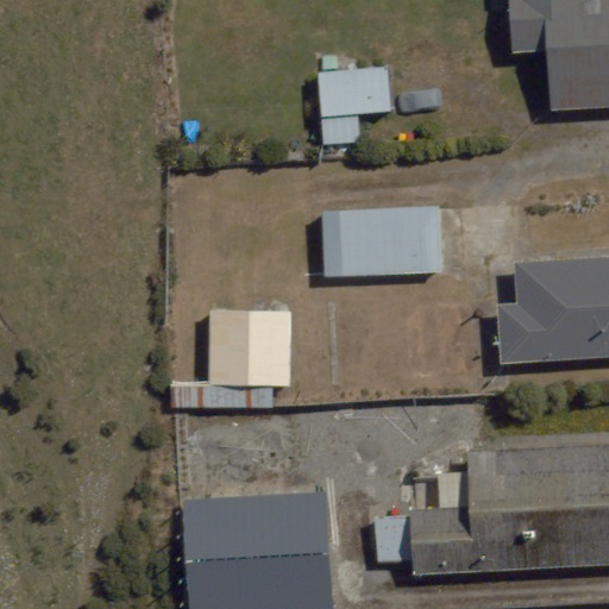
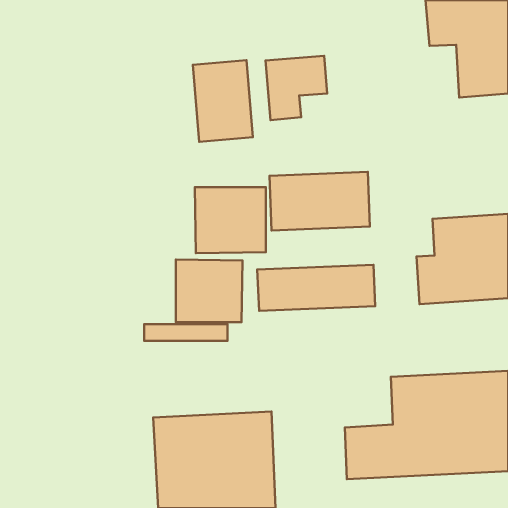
building: none -> [193,60,253,142]
building: none -> [195,187,266,253]
building: none -> [257,265,375,311]

